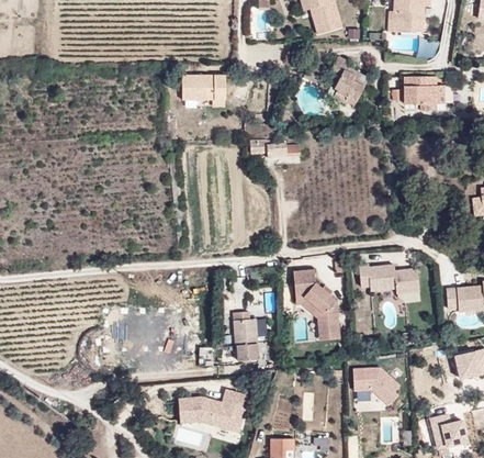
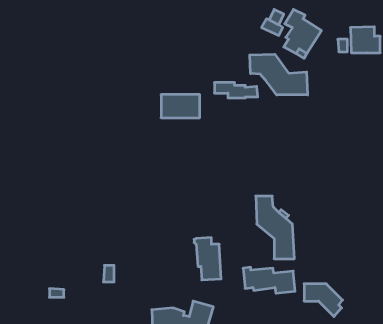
building: [180,75,224,101] -> [161,95,200,118]
building: none -> [250,54,308,95]
building: [362,265,421,294] -> [243,267,295,293]

